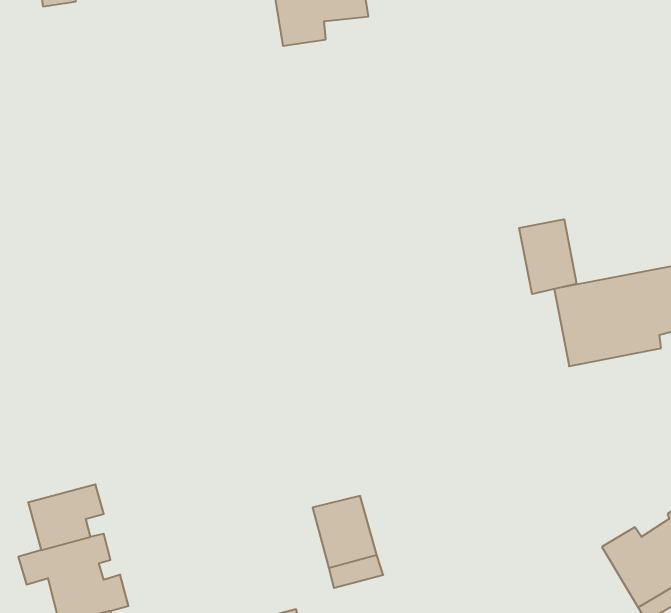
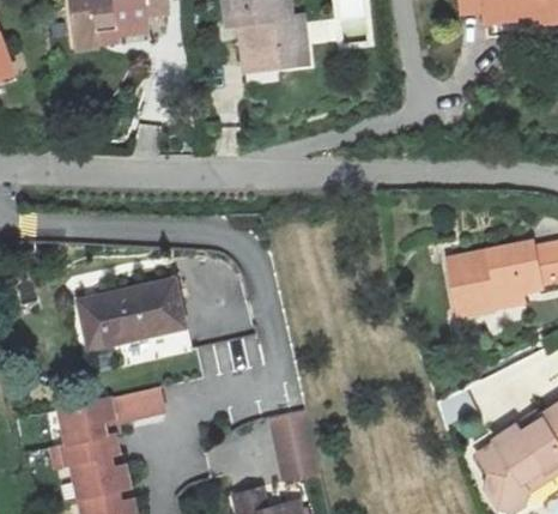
building: [519,219,577,294] -> none
building: none -> [75,280,186,353]
building: none -> [111,387,165,424]

